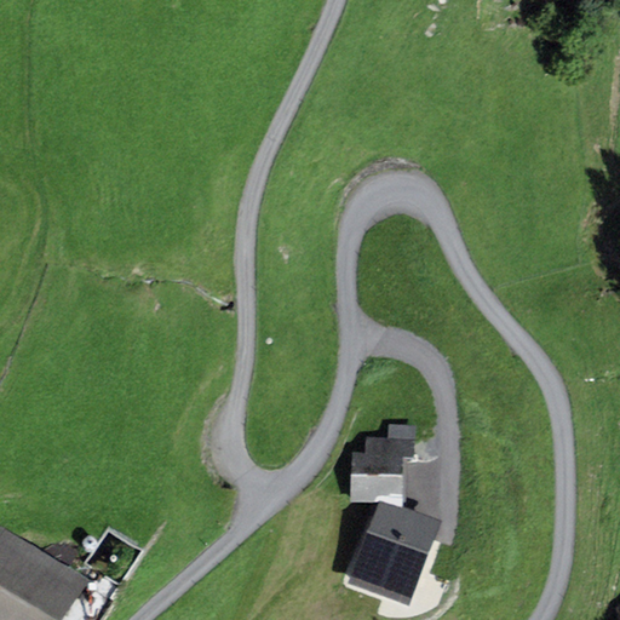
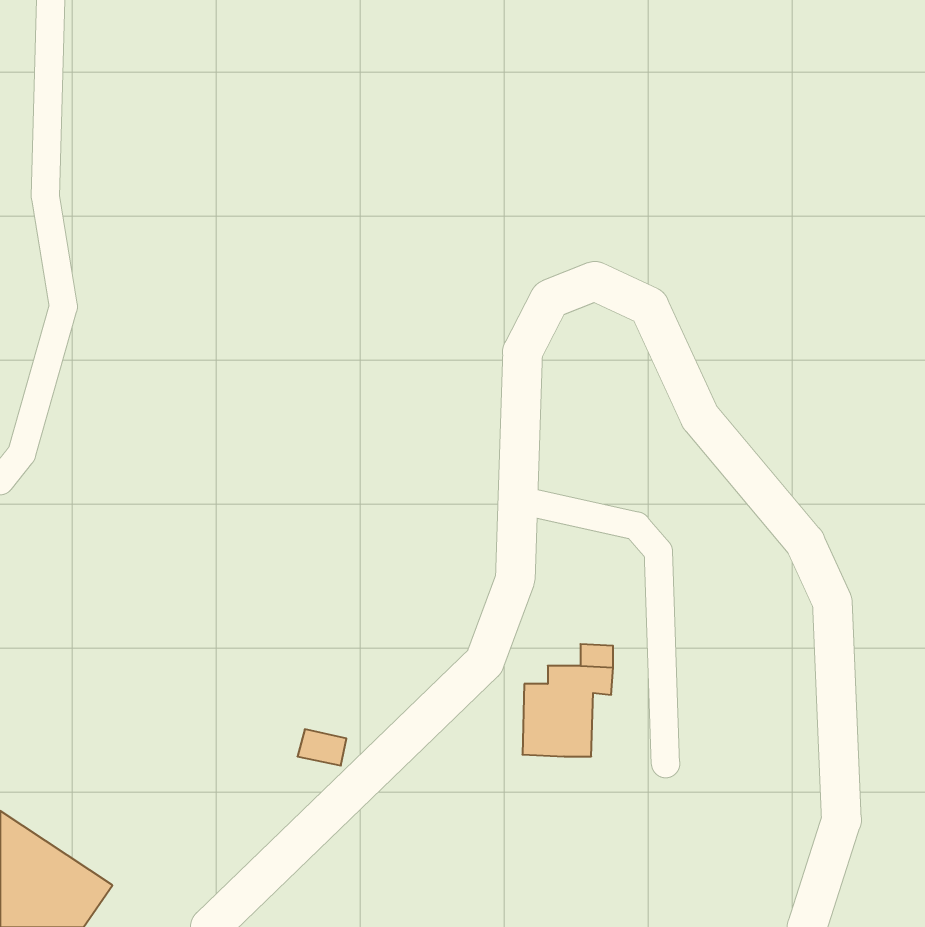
building: [354,505,435,590] -> none

